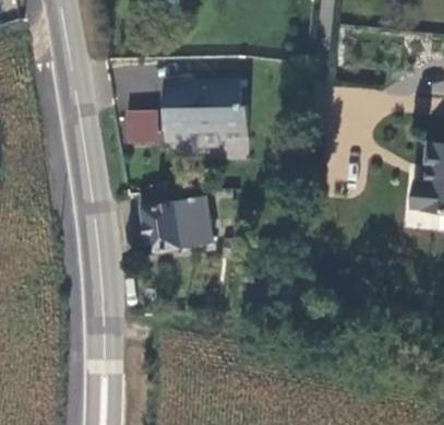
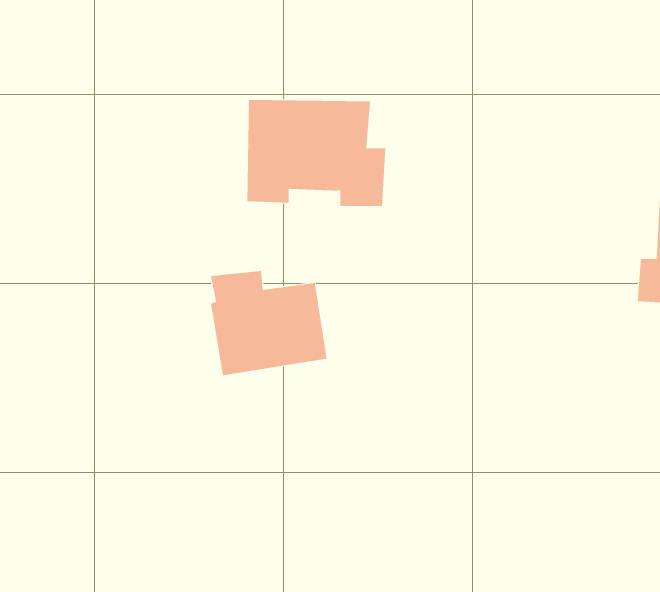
building: [121,108,158,144] -> none

